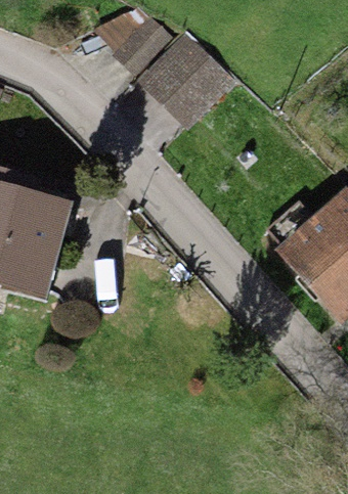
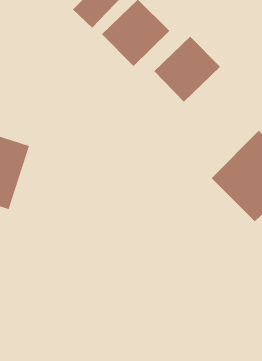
building: none -> [153,36,221,102]

